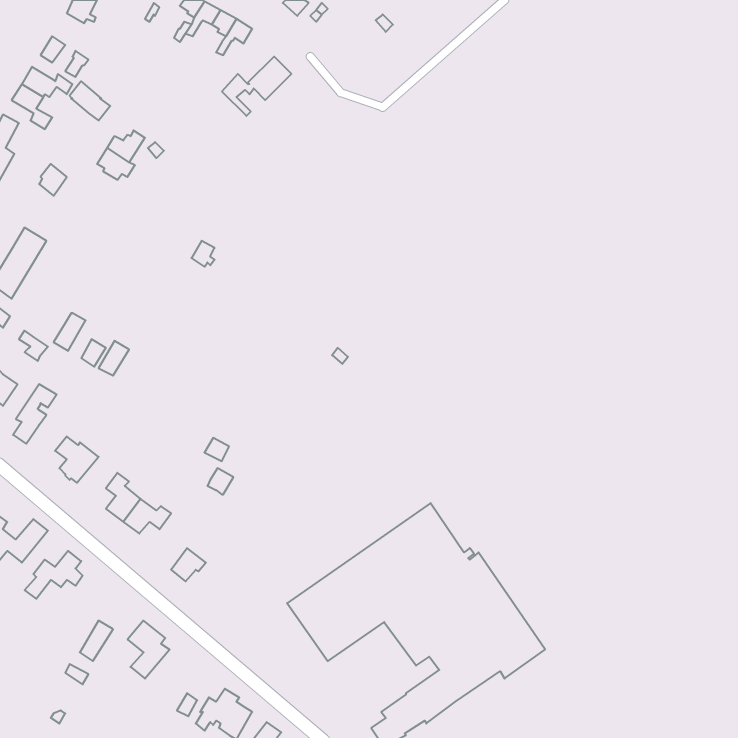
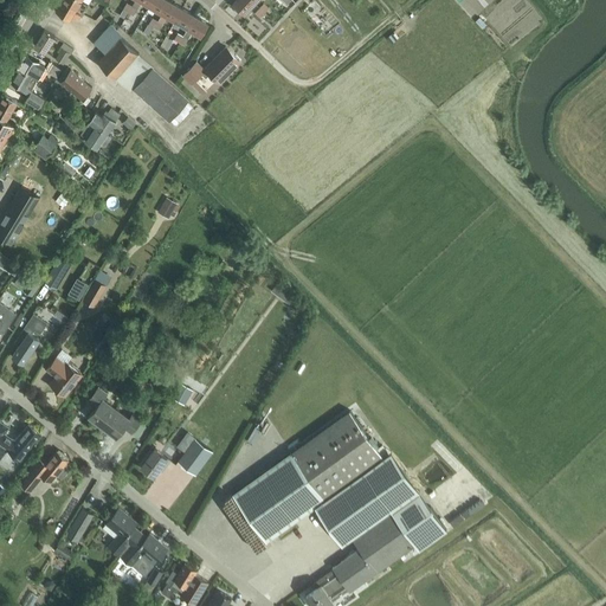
building: none -> [92,26,186,122]
building: none -> [176,440,211,476]
building: none -> [118,533,166,566]

